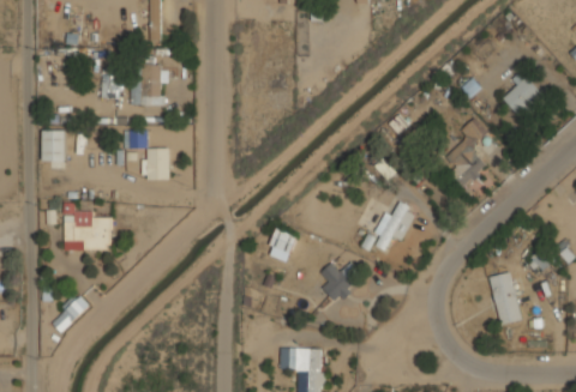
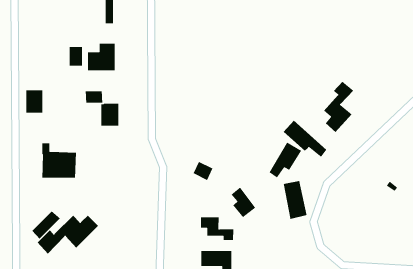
building: [502,76,544,117] -> none
building: none -> [283,120,327,158]
building: [490,271,523,325] -> [283,180,308,220]
building: none -> [37,215,99,254]
building: none -> [200,217,234,241]

